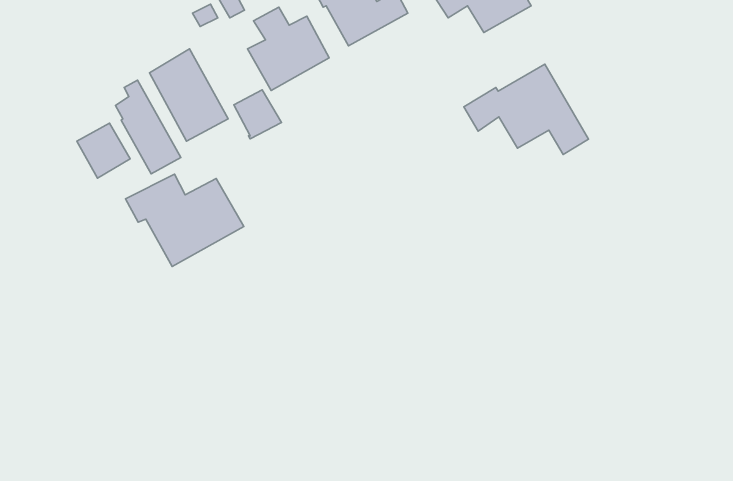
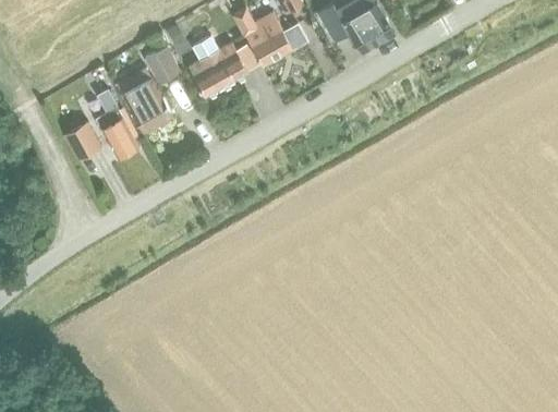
building: [464,64,588,154] -> none
building: [234,90,281,139] -> [146,47,181,83]
building: [126,174,244,266] -> none

